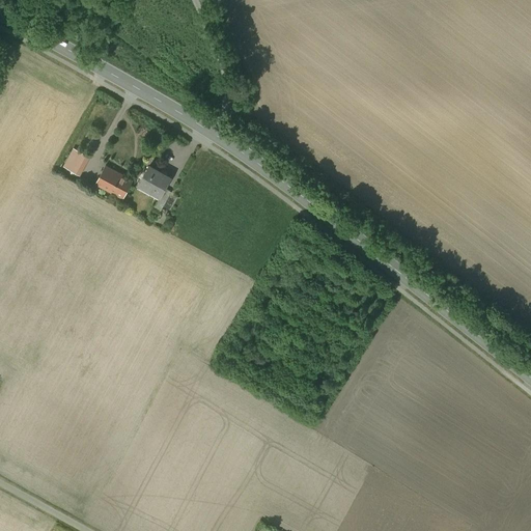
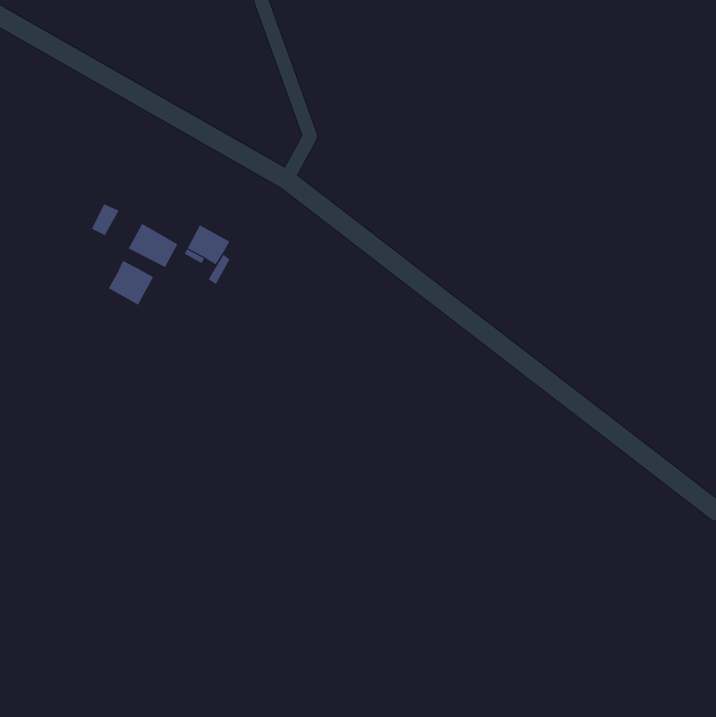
building: none -> [108,260,154,305]

